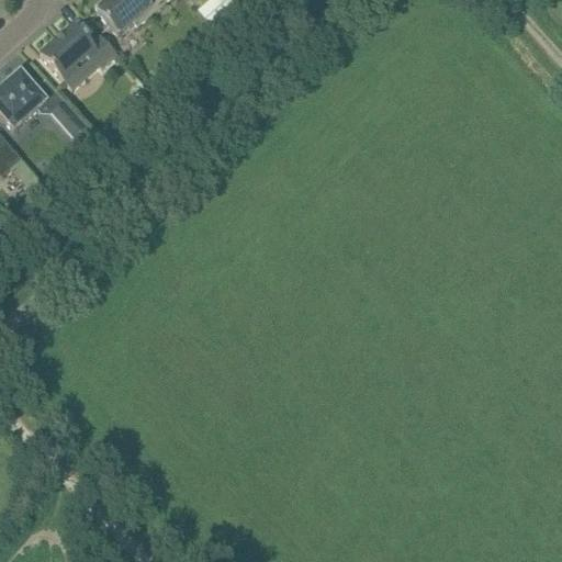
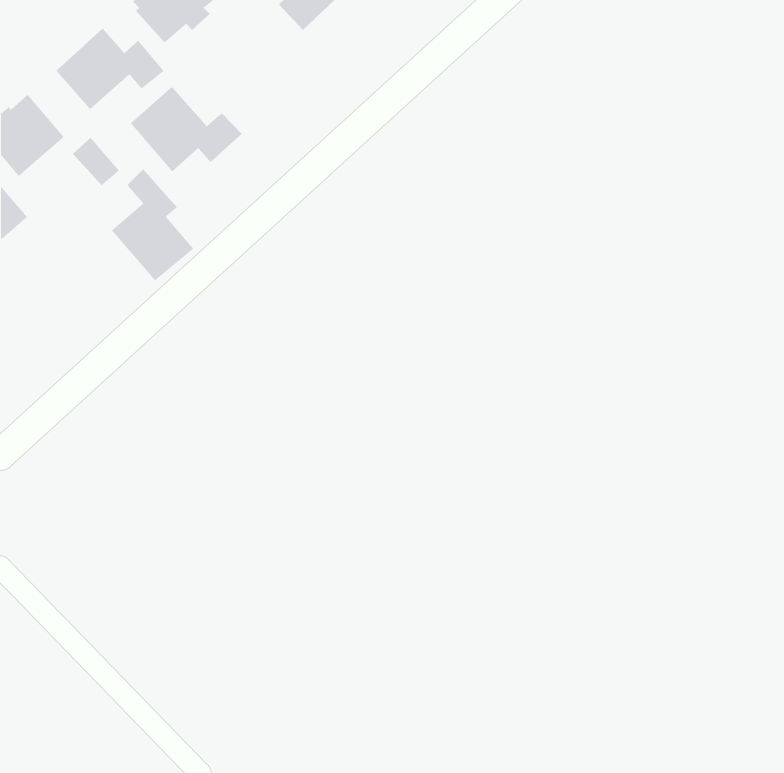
building: none -> [130,87,242,172]
building: none -> [112,168,194,281]

